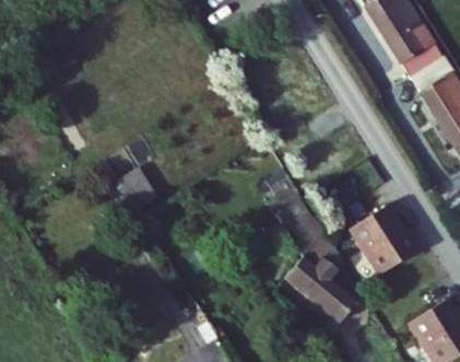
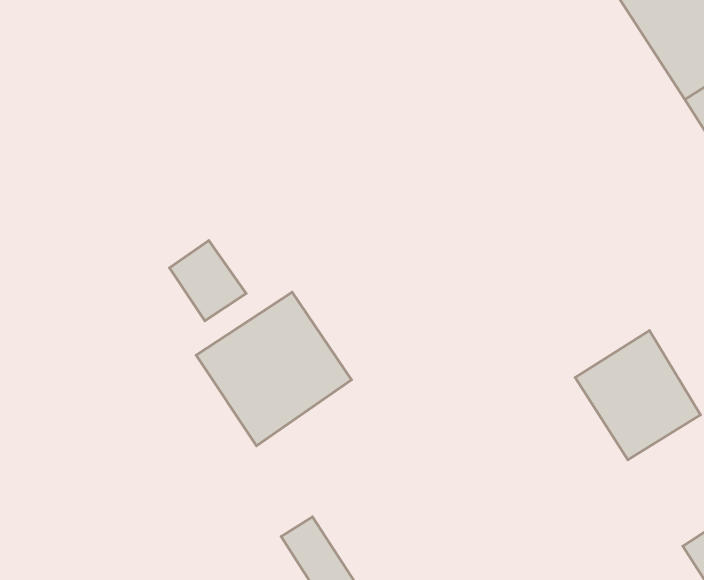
building: none -> [196,292,351,446]
building: [288,233,359,328] -> none

